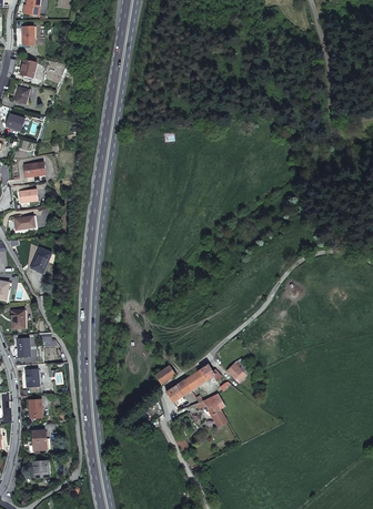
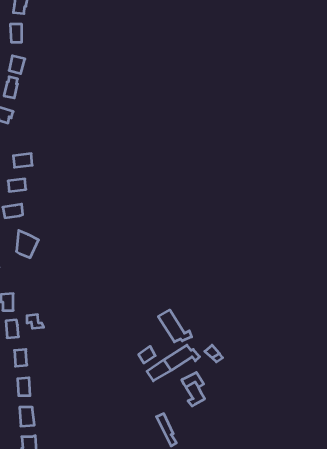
building: none -> [158,310,192,342]

